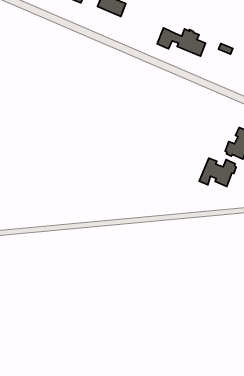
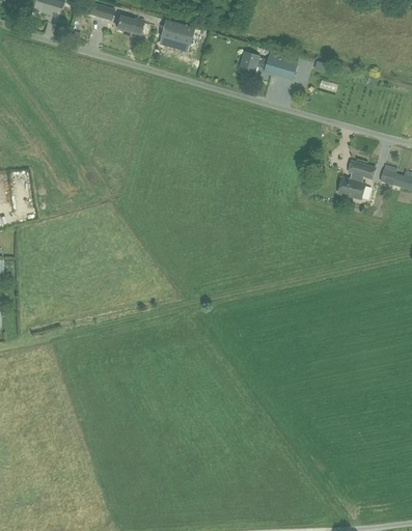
building: [199,158,236,186] -> none

